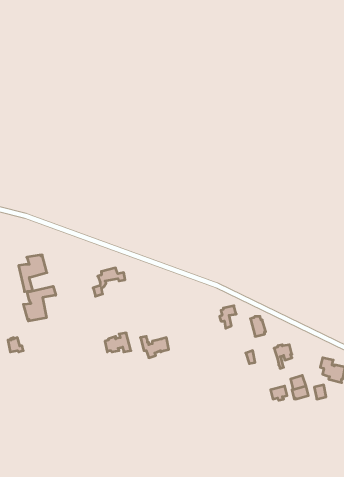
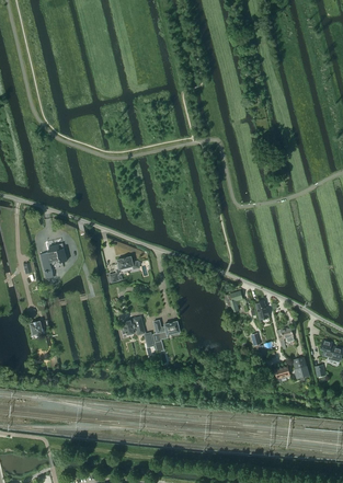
building: [23,286,56,321] -> none

